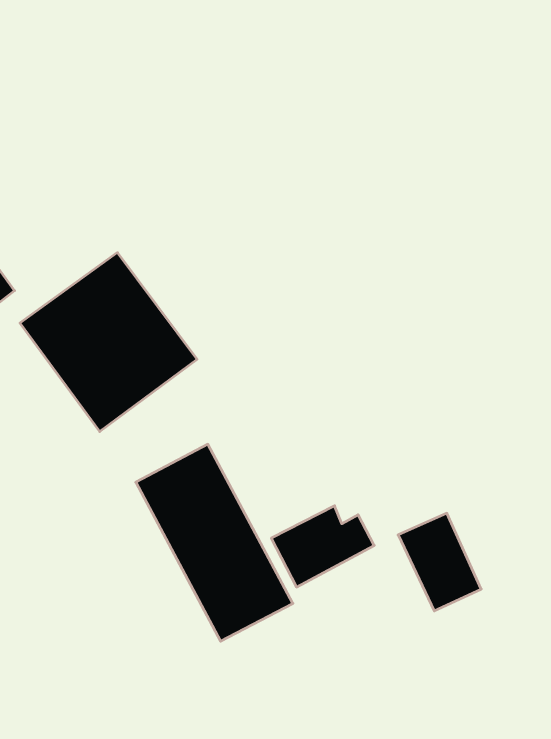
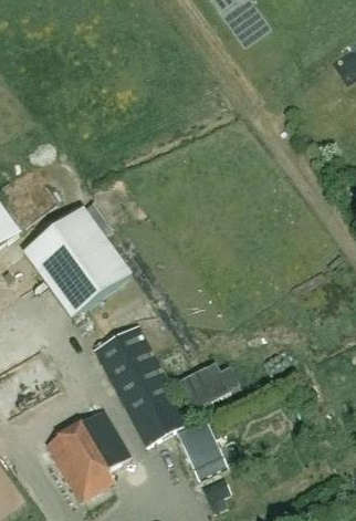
building: [398,513,481,611] -> [175,418,226,478]
building: none -> [48,408,129,497]

